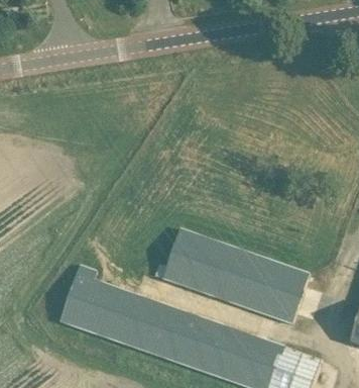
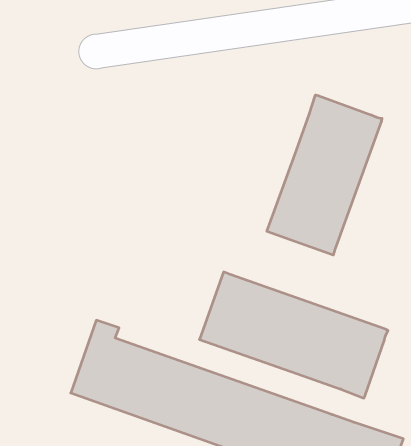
building: none -> [267,95,382,255]

